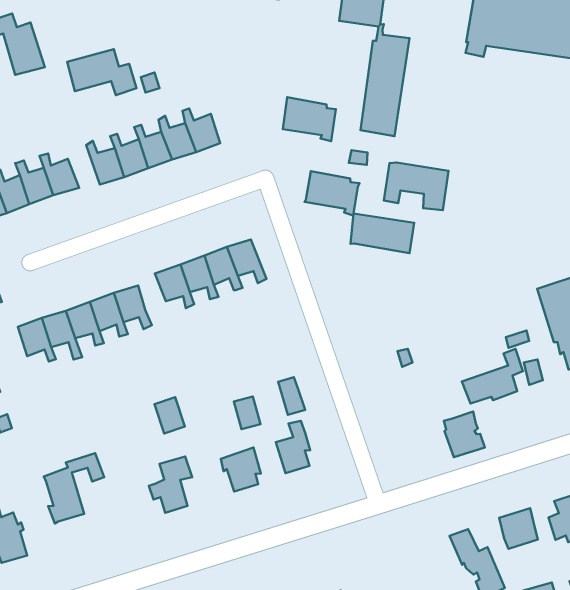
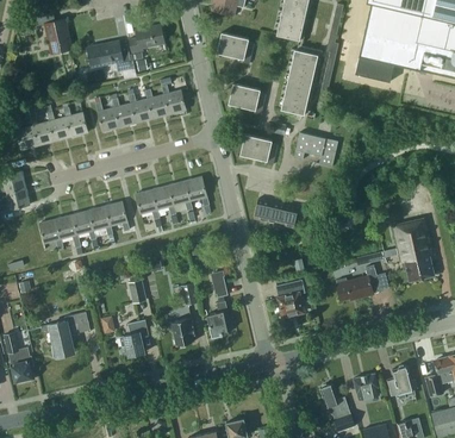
building: none -> [129,25,164,52]
building: none -> [217,32,254,63]
building: [351,214,414,253] -> [254,198,298,227]
building: [444,411,485,457] -> [278,286,304,315]

